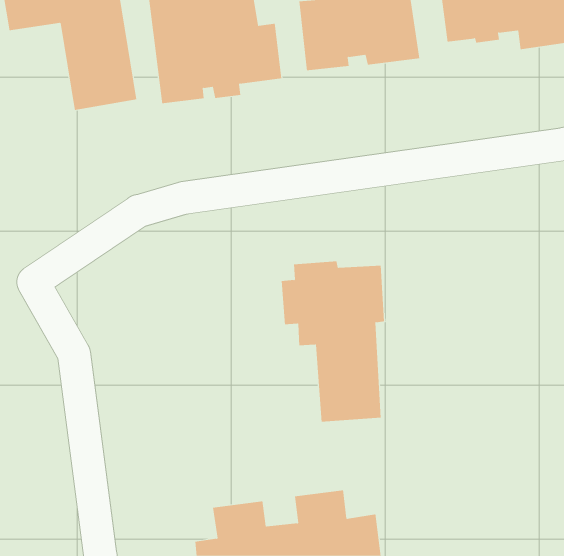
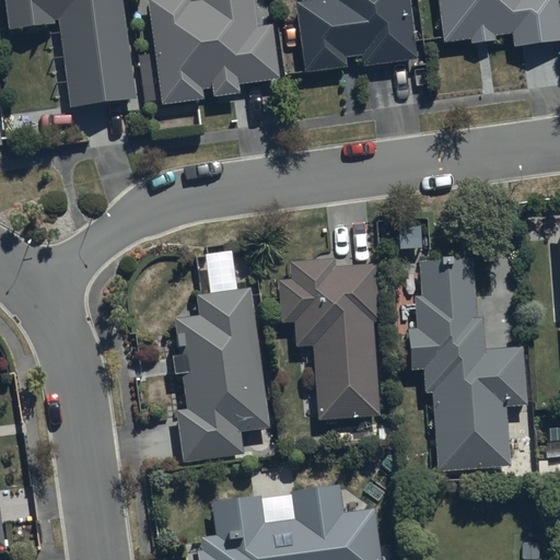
building: none -> [406,250,526,470]
building: none -> [173,285,269,464]

